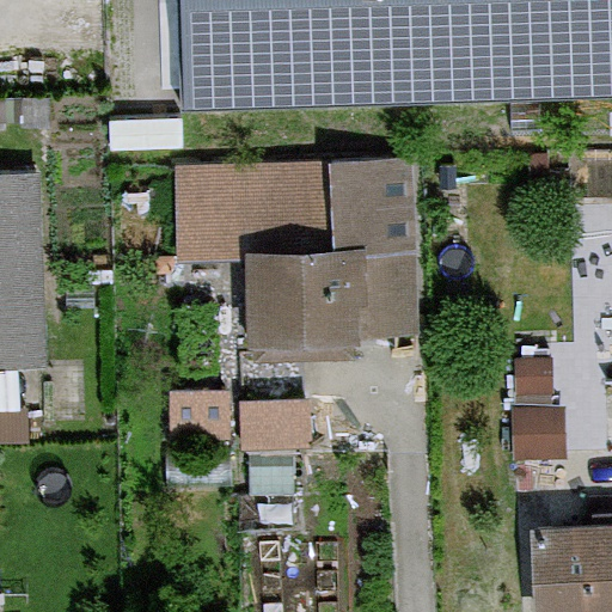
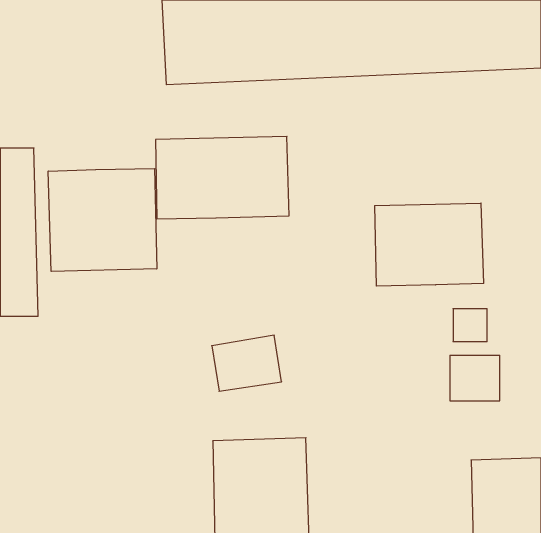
building: [244,161,415,359] -> none
building: none -> [48,169,157,271]
building: none -> [375,203,484,286]

